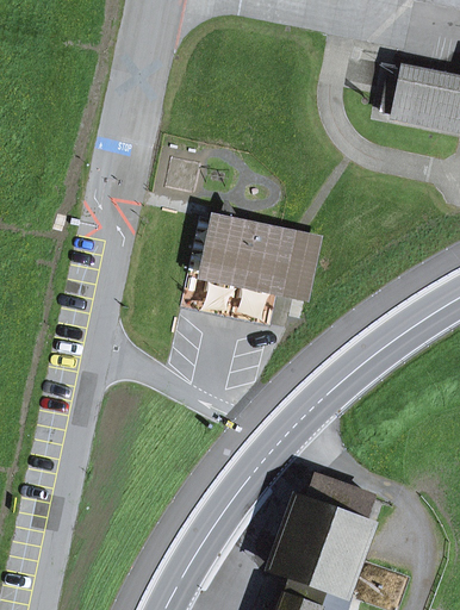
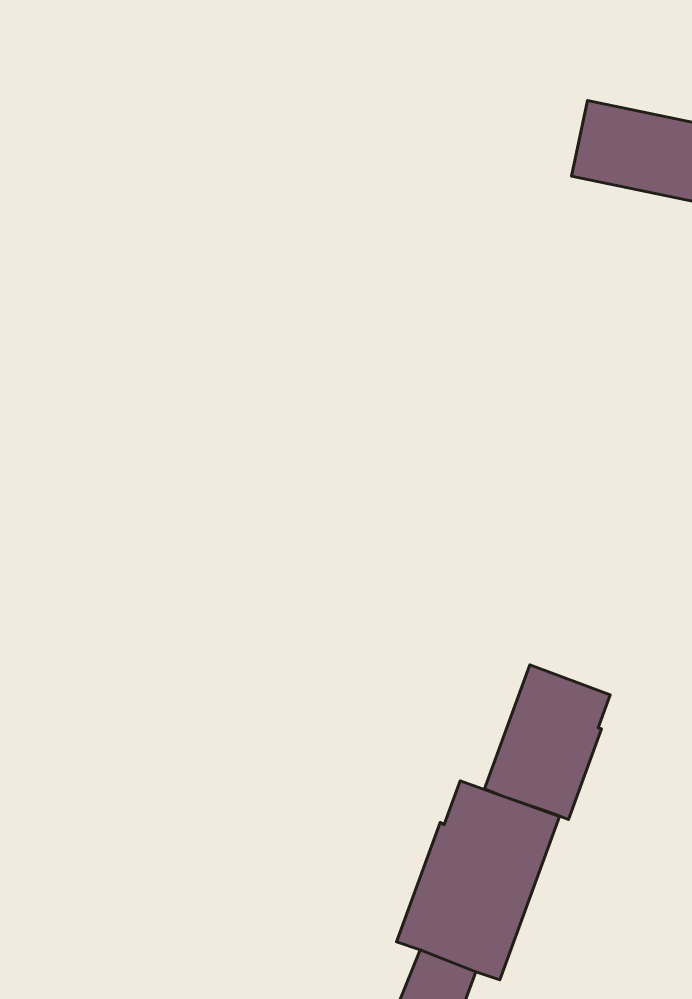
building: [209,218,322,293] -> none
building: none -> [484,665,610,820]

